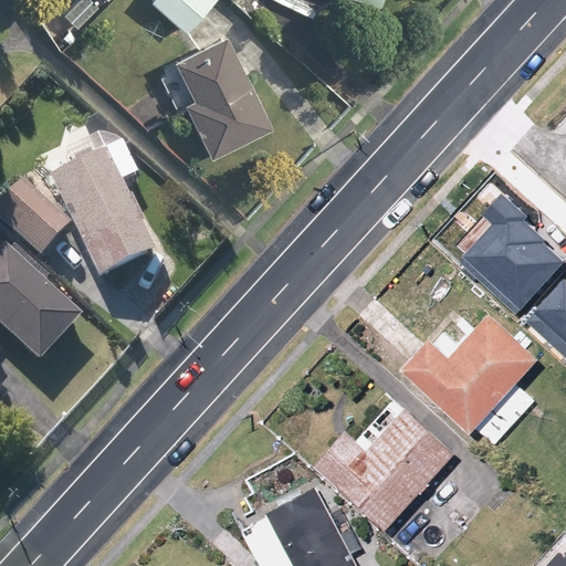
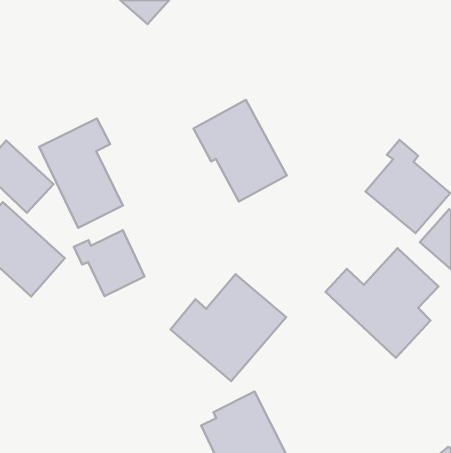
building: [156,32,272,158] -> [193,100,287,201]
building: none -> [74,230,145,296]
building: [313,398,457,531] -> [171,274,286,381]

